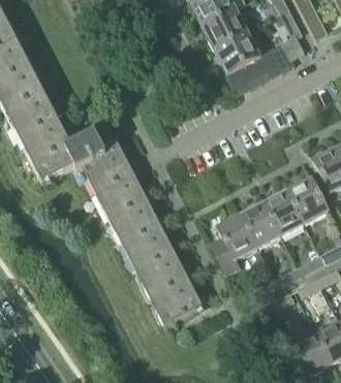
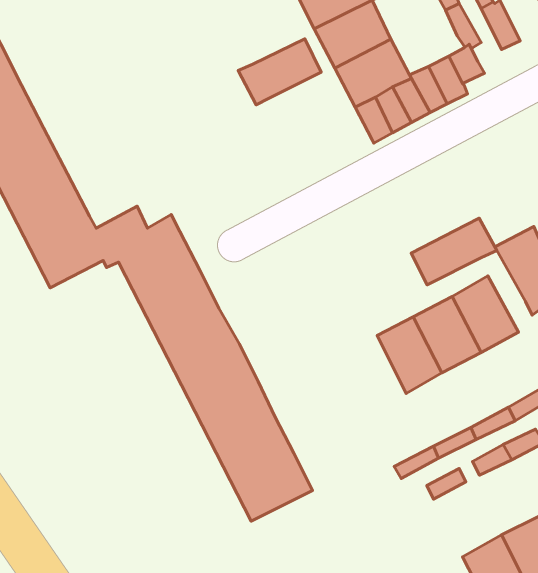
building: none -> [238,39,321,105]
building: none -> [411,218,497,285]
building: [210,213,258,274] -> none

